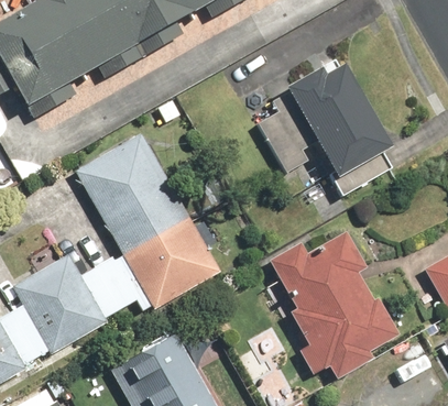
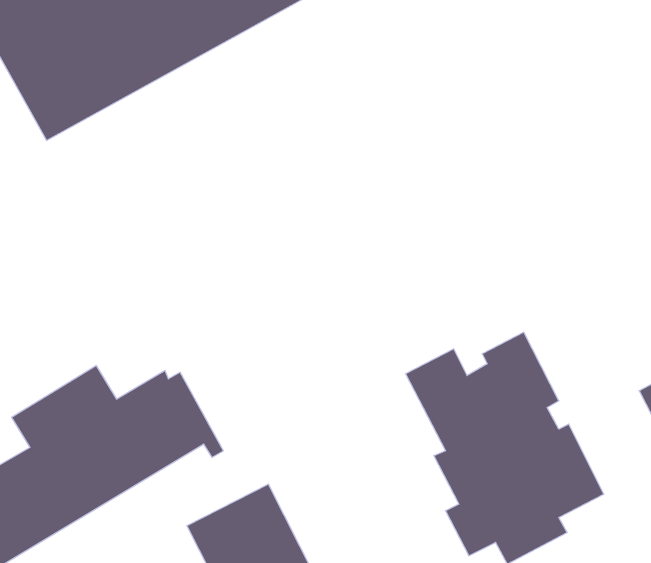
building: [252,61,394,182] -> none
building: [74,134,222,311] -> none

